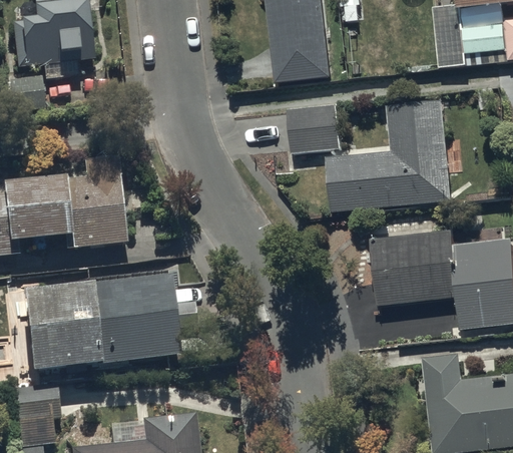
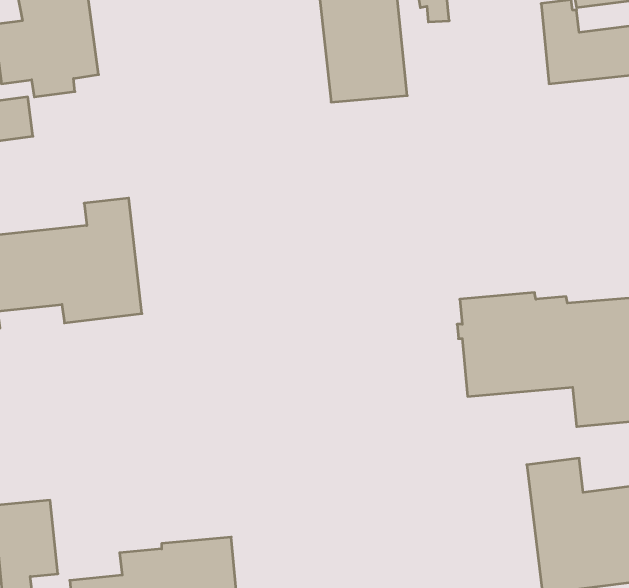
building: [327,98,458,211] -> none
building: [288,103,336,152] -> none
building: [24,276,179,369] -> none

